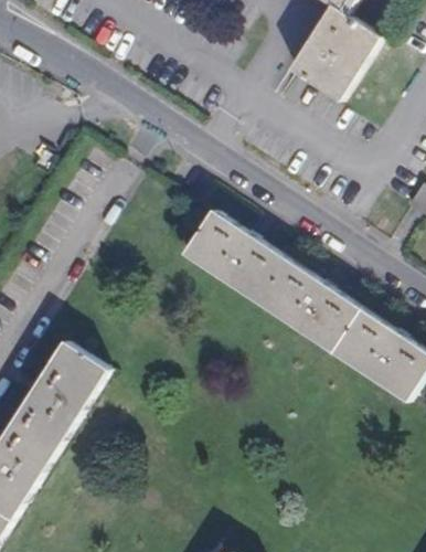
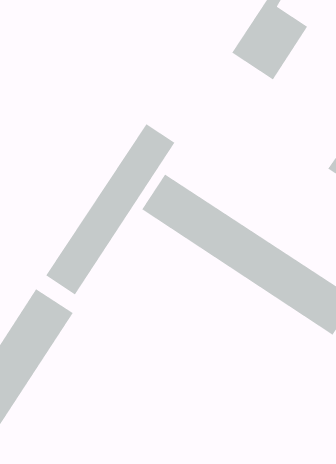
building: none -> [45,123,176,295]

